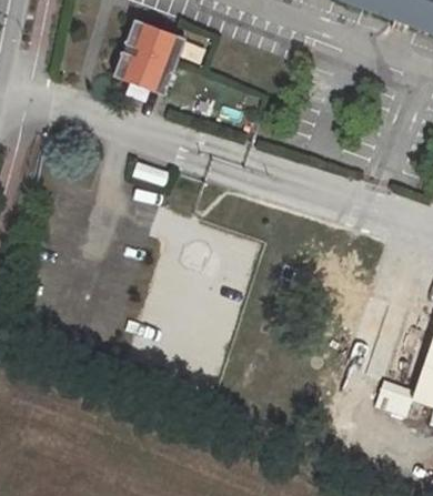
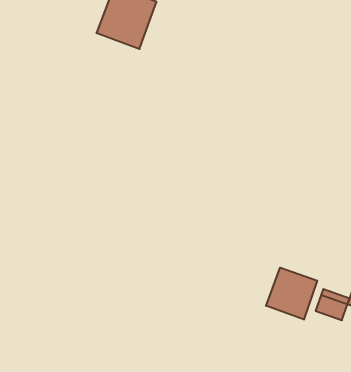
building: none -> [266,268,317,320]

